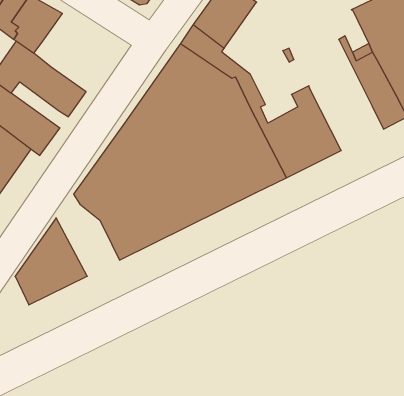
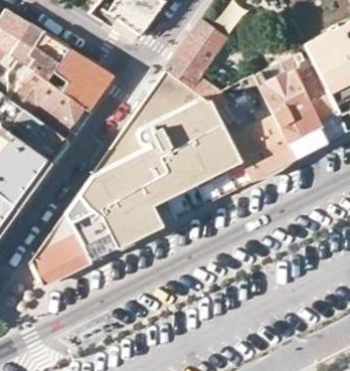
building: none -> [53,47,112,111]
building: none -> [259,68,330,158]
building: none -> [65,193,117,259]

